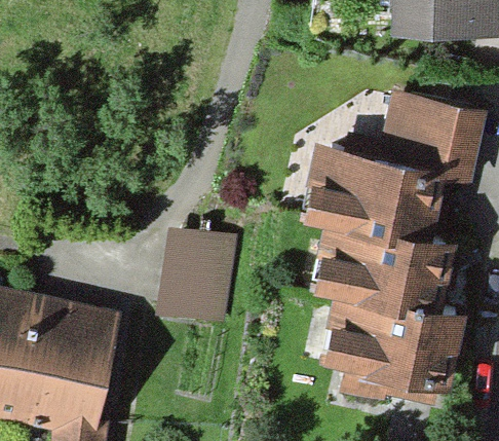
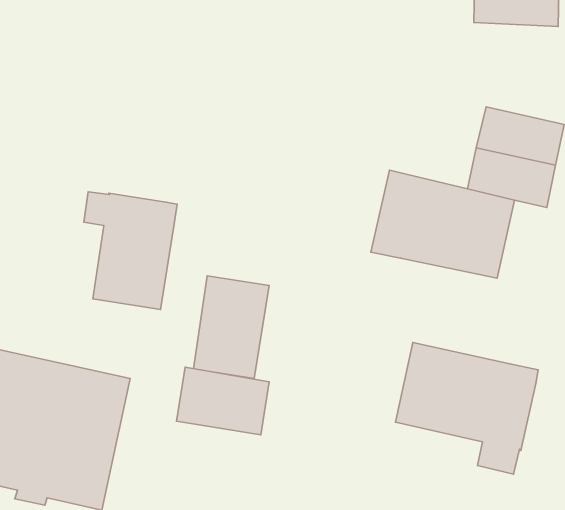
building: none -> [84,192,177,310]
building: [321,220,440,307] -> none
building: none -> [177,367,269,435]

